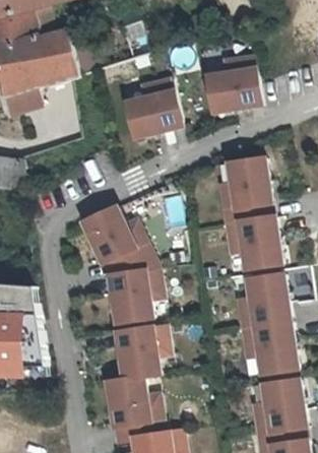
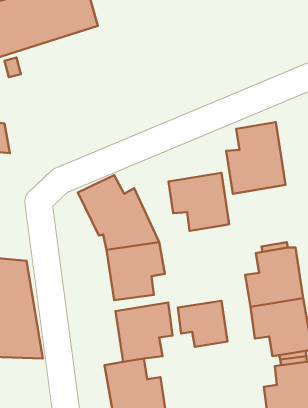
building: [207,55,259,111] -> none
building: [126,78,181,138] -> none
building: [225,215,280,269] -> [169,173,229,231]
building: none -> [178,301,228,347]

